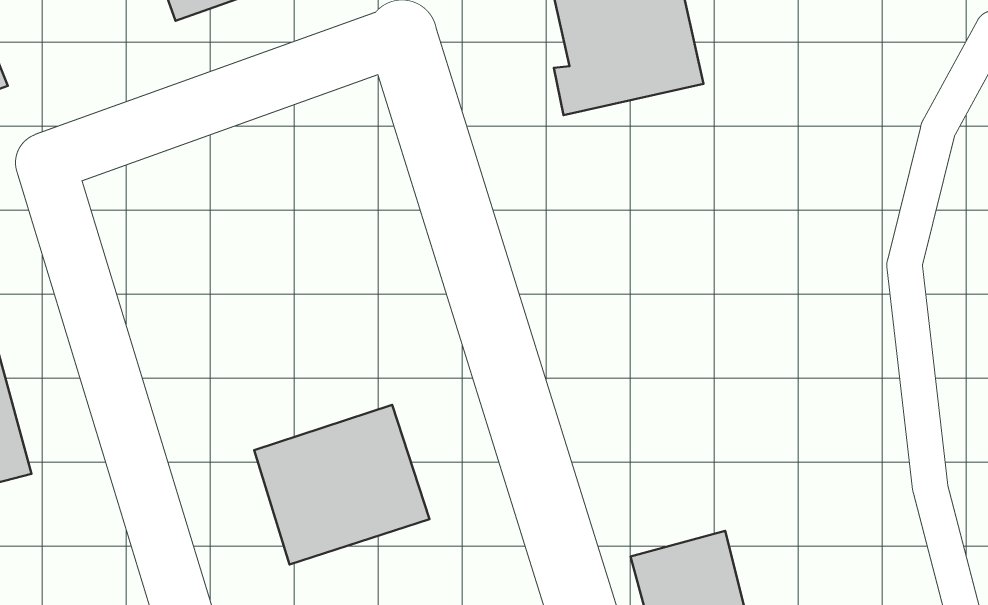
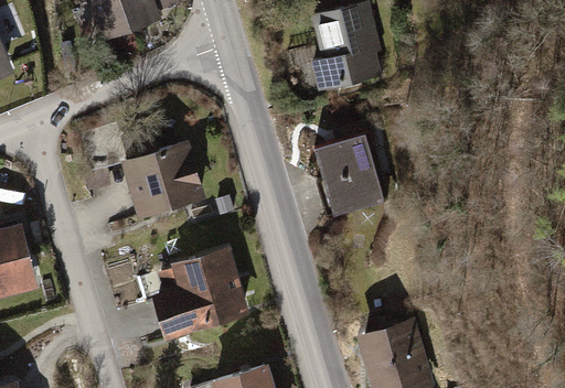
building: none -> [319,137,384,215]
building: none -> [128,143,203,214]

